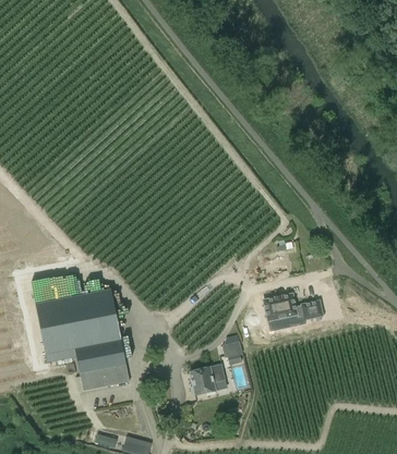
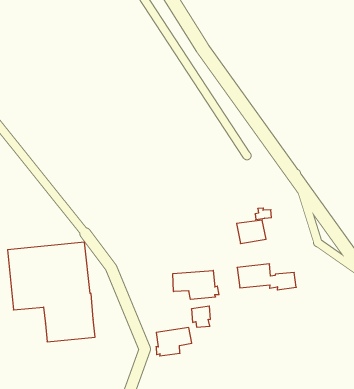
building: none -> [173,270,219,299]

